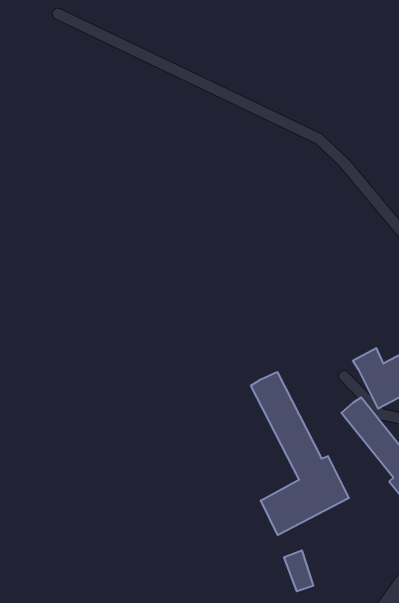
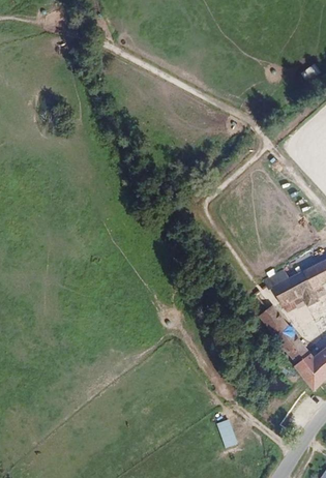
building: [251,372,349,535] -> none

